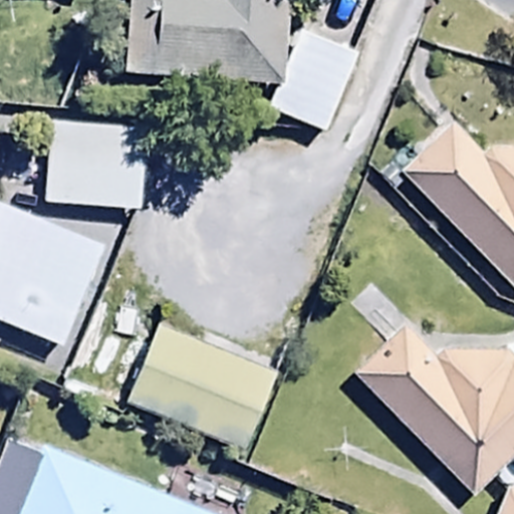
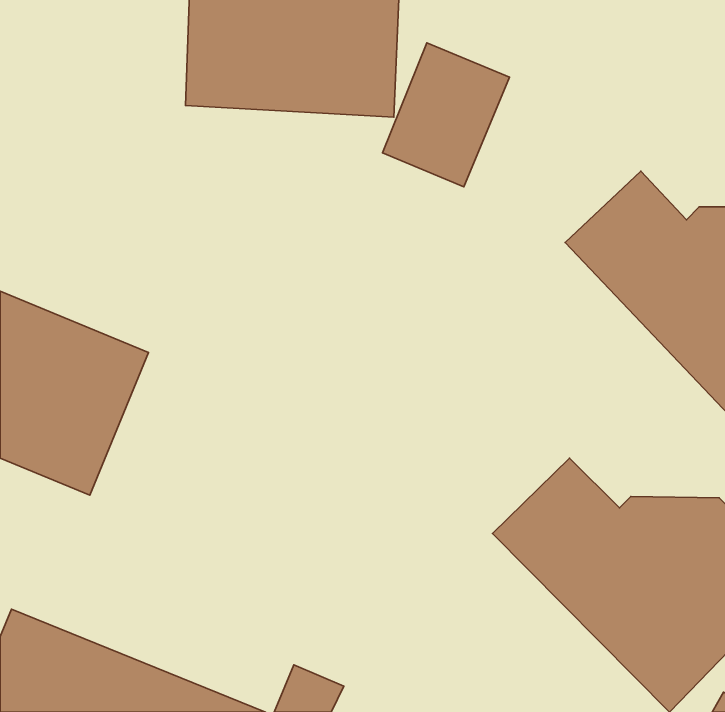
building: [46,115,146,208] -> none
building: [127,313,286,457] -> none

